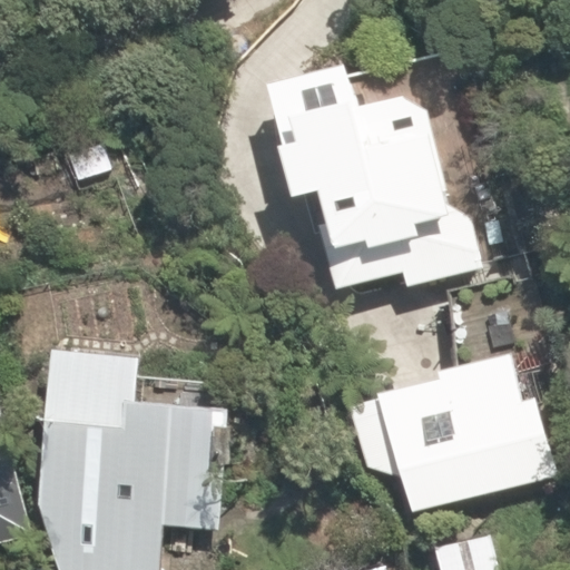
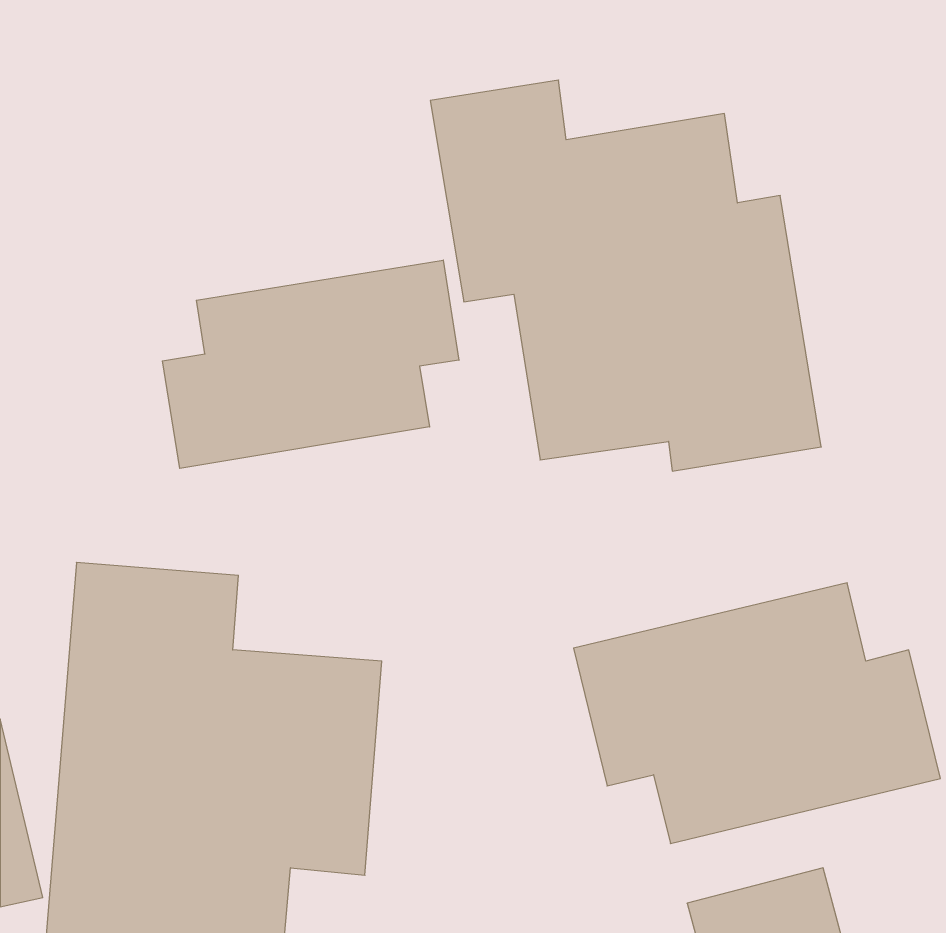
building: none -> [162,260,459,468]

